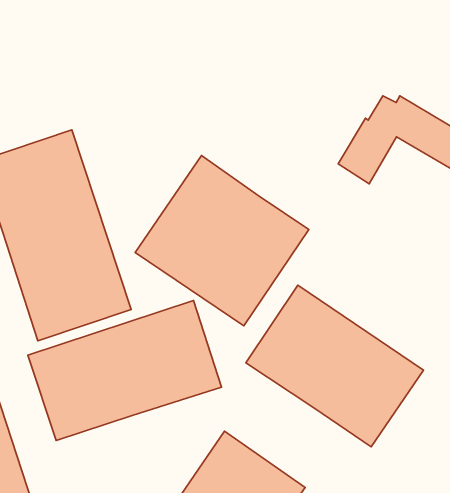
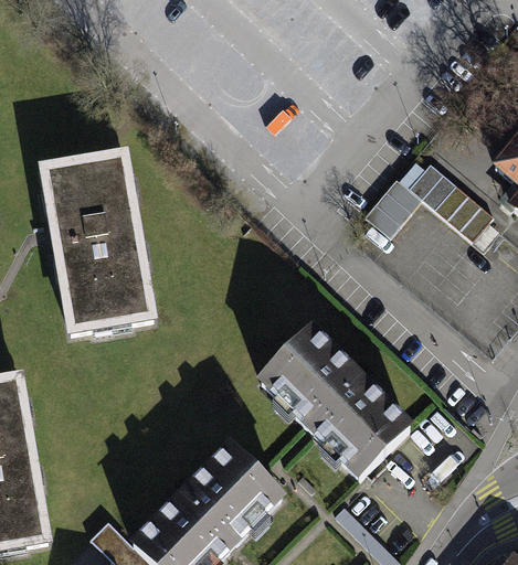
building: [135,155,309,326] -> none
building: [28,301,221,441] -> none

